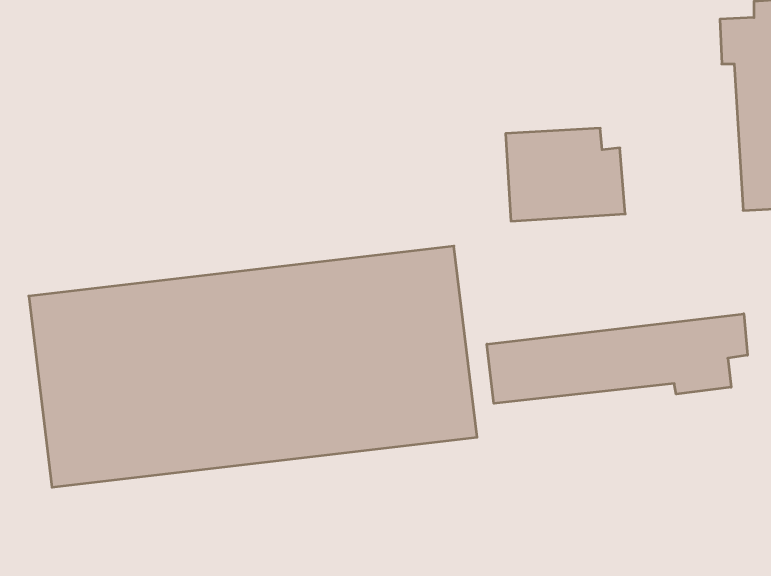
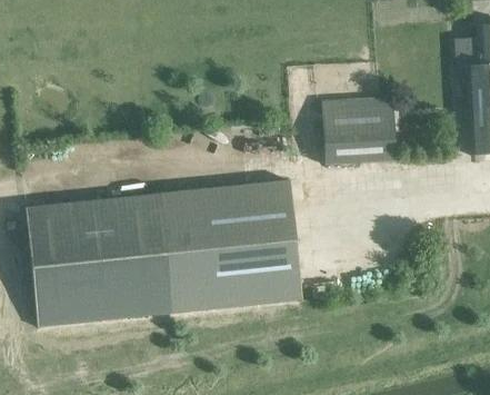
building: [487,314,747,403] -> none

